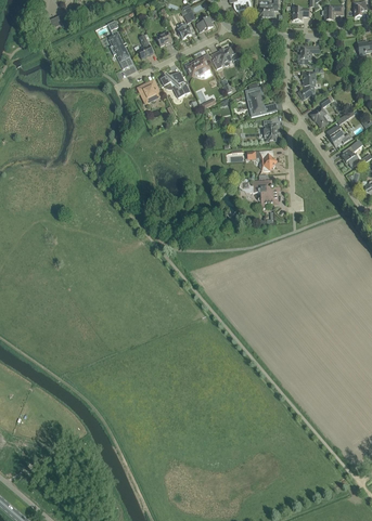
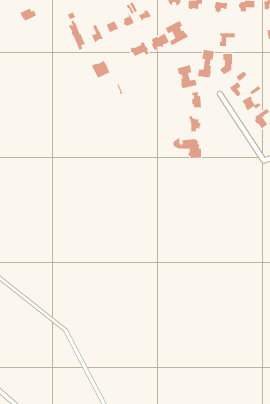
building: none -> [165,20,188,46]
building: none -> [197,49,214,78]
building: [159,70,189,97] -> none

